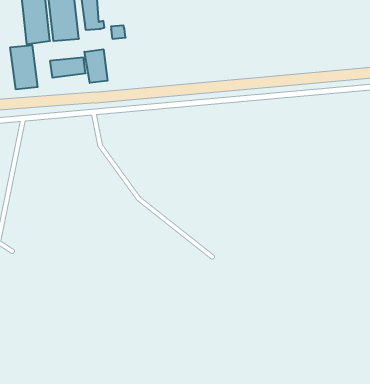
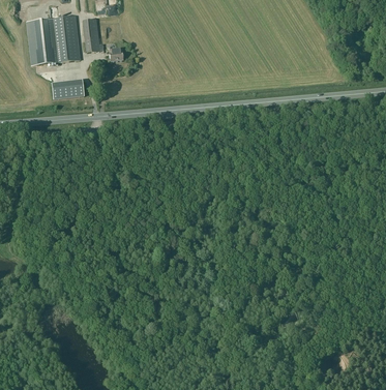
building: [10,45,38,89] -> none
building: [84,49,108,83] -> none

